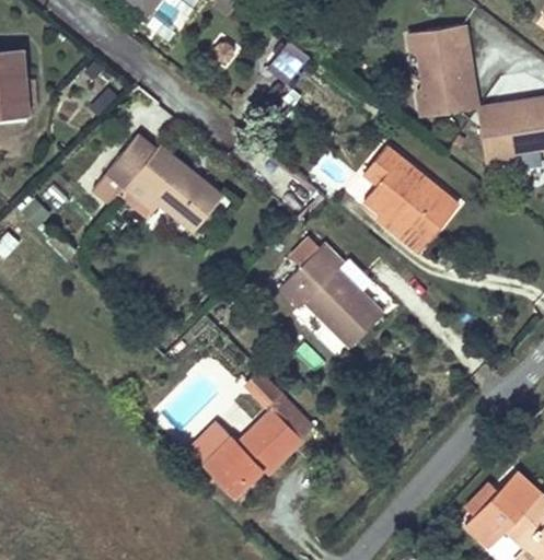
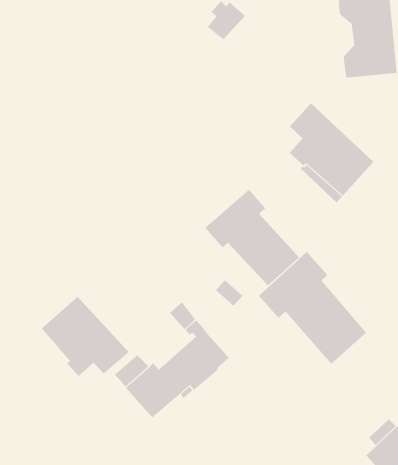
building: [106,135,222,231] -> none
building: none -> [258,251,367,365]
building: none -> [41,296,129,377]

